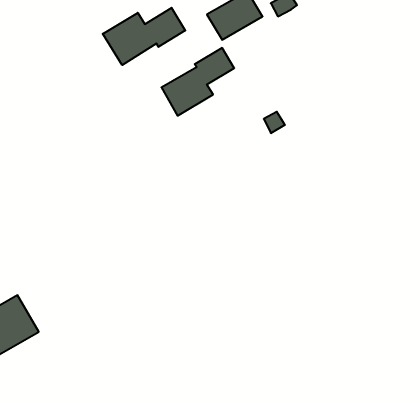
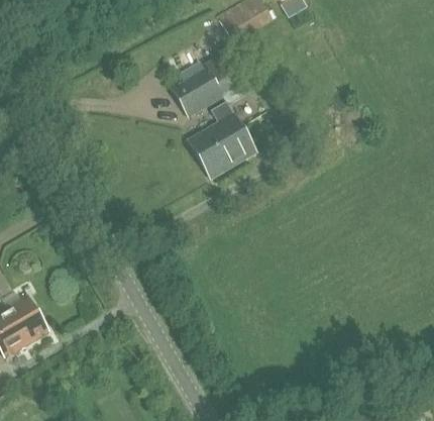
building: [103,8,185,65] -> none
building: none -> [187,101,255,179]

